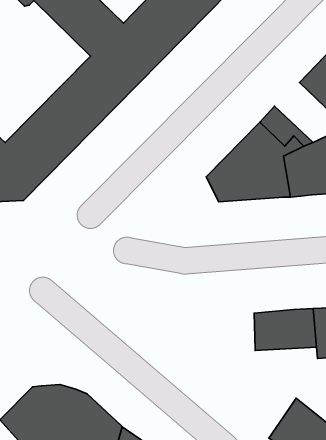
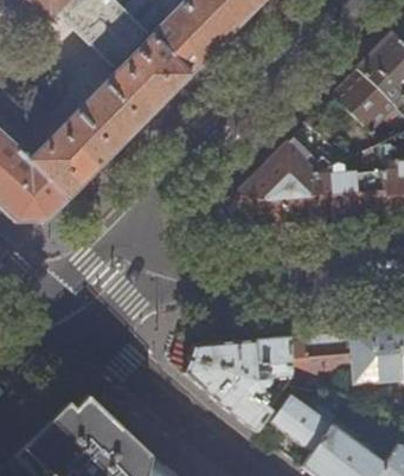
building: none -> [186,336,290,431]
building: none -> [271,393,351,451]

